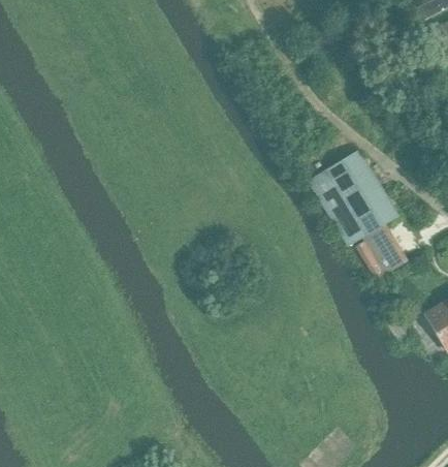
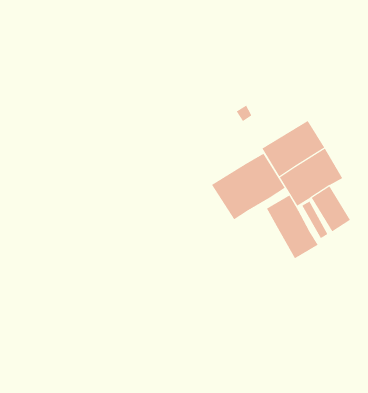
building: none -> [211,153,285,220]
building: none -> [266,195,318,259]

